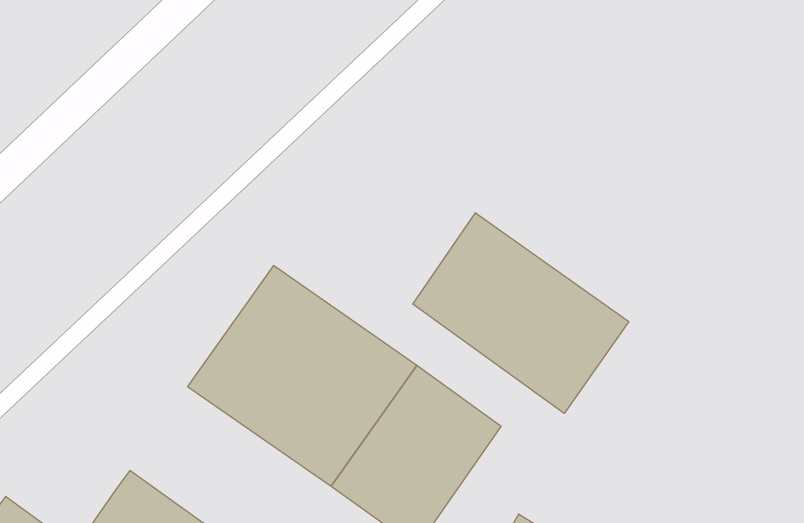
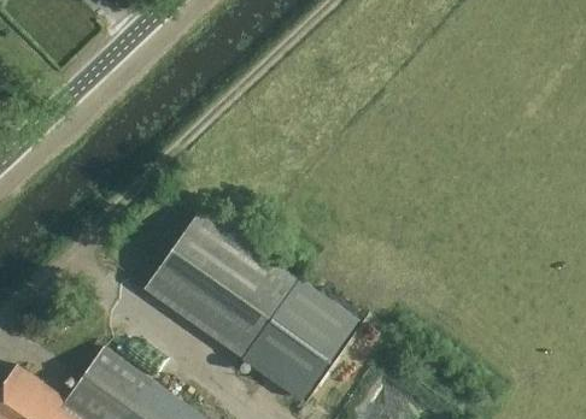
building: [413,213,629,413] -> none

